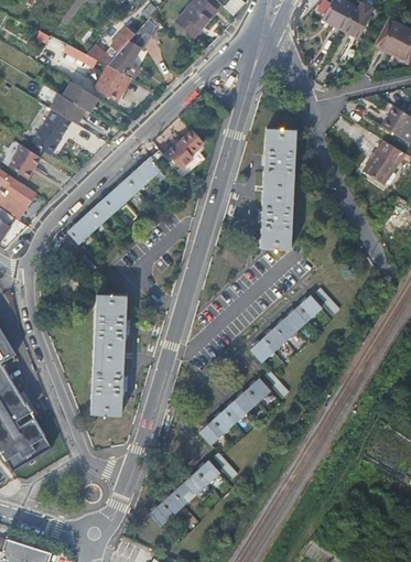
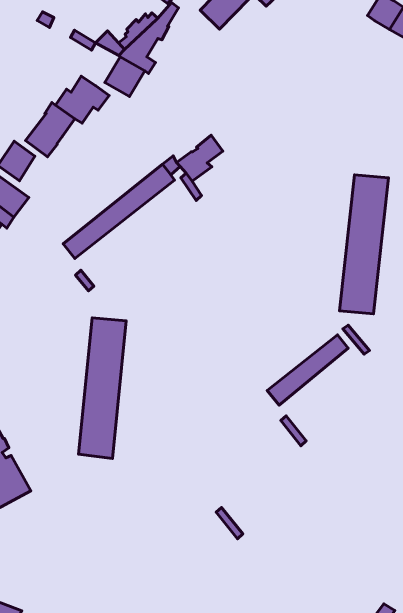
building: [260,130,296,250] -> [340,175,389,314]
building: [199,380,269,444] -> none
building: [149,462,218,526] -> none

